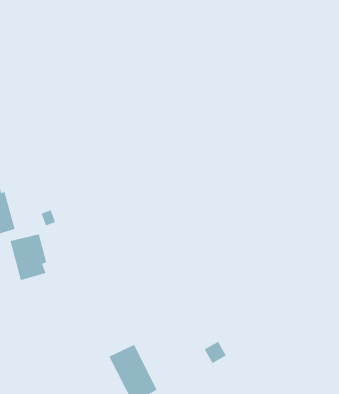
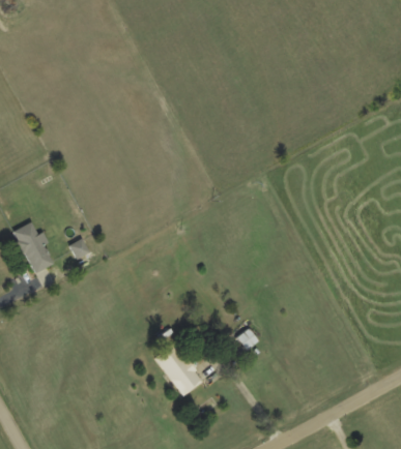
building: [10,233,47,281] -> none

